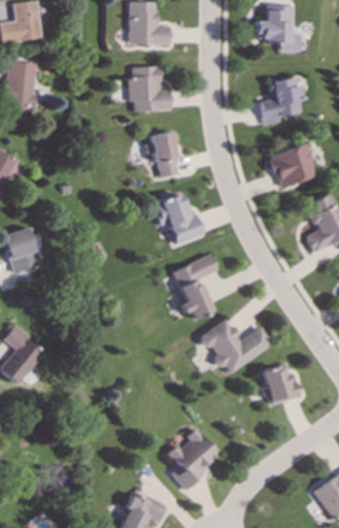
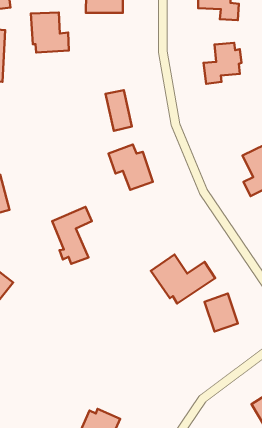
building: [128,67,171,112] -> [31,13,69,52]
building: [269,144,317,187] -> none
building: [173,255,218,320] -> [52,207,92,264]
building: [168,430,221,489] -> none

